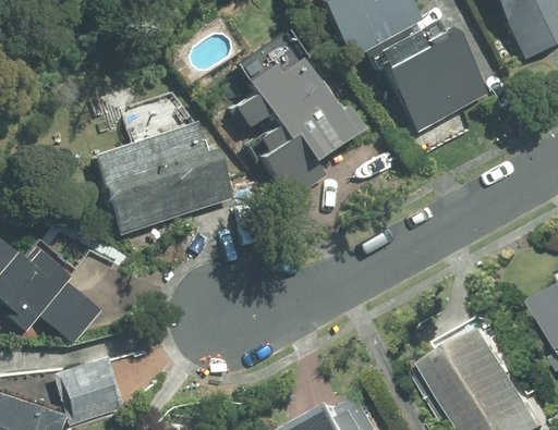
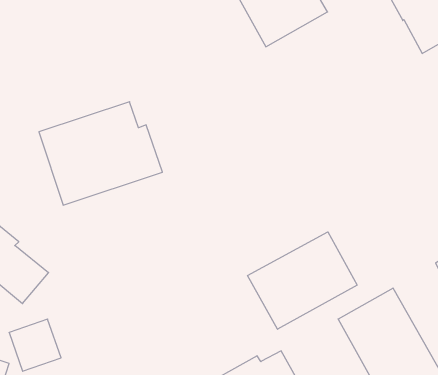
building: [378,22,487,131] -> none
building: [232,50,356,198] -> none
building: none -> [248,232,357,329]

